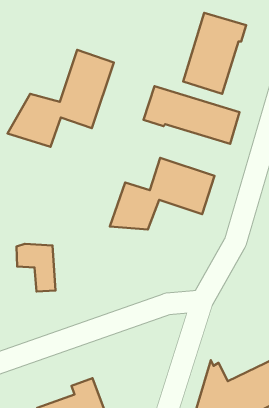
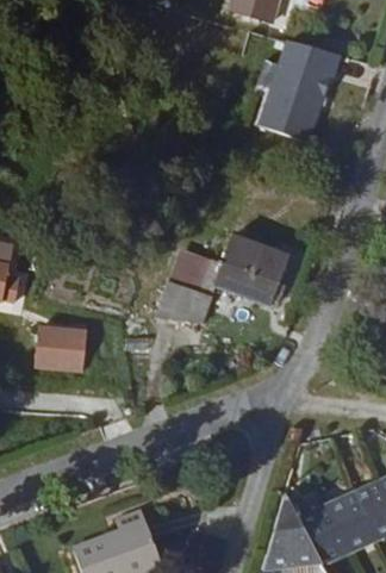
building: [8,50,114,147] -> none
building: [144,86,239,144] -> none

